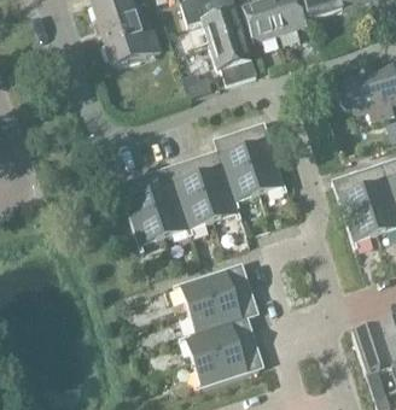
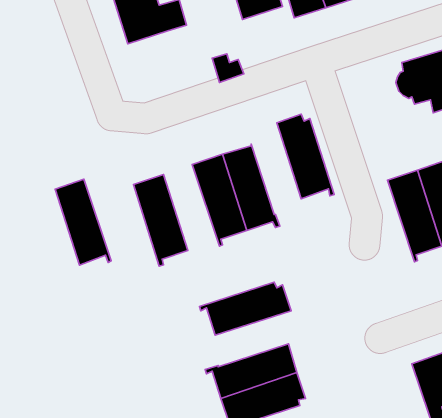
building: [210,34,256,86] -> none
building: [215,131,260,209] -> none
building: [144,166,191,239] -> [55,179,111,265]
building: [187,289,257,336] -> none

